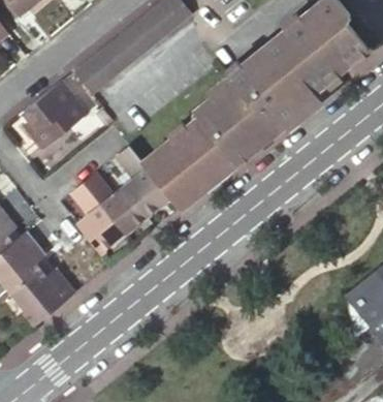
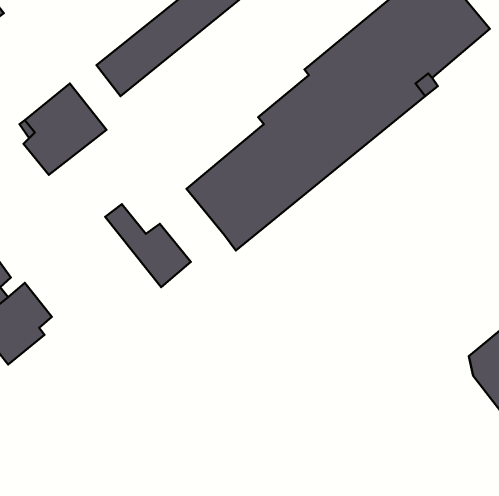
building: [116,147,171,217] -> none
building: [72,184,125,254] -> none
building: [12,270,74,324] -> none

